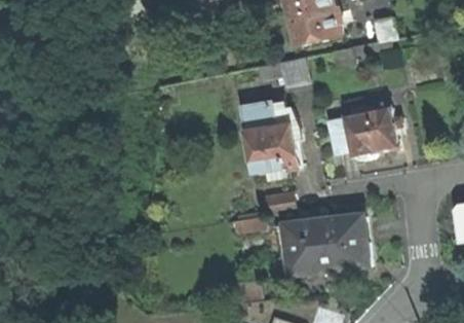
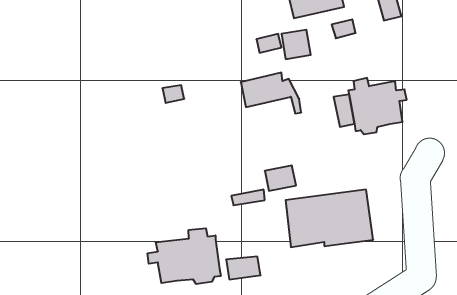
building: [244,121,298,179] -> none
building: none -> [148,228,221,284]

